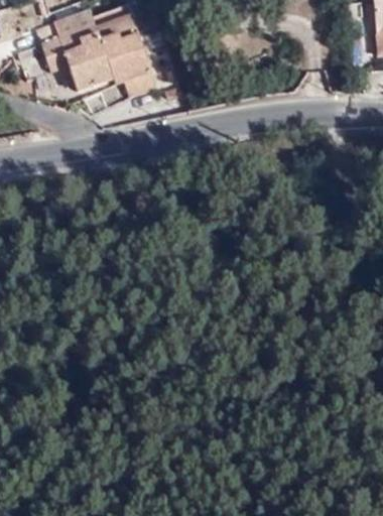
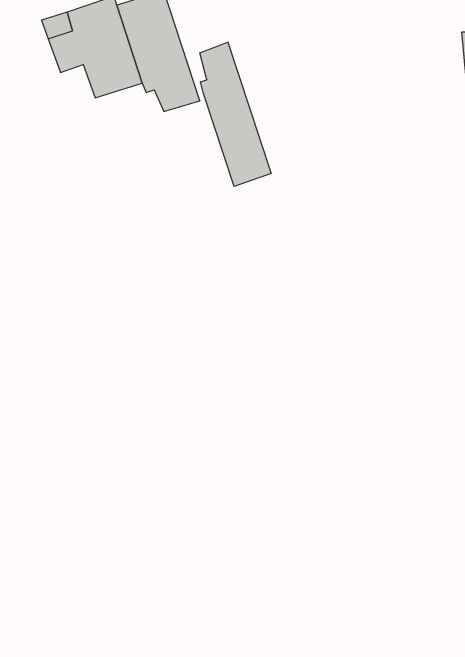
building: none -> [200,42,271,186]

